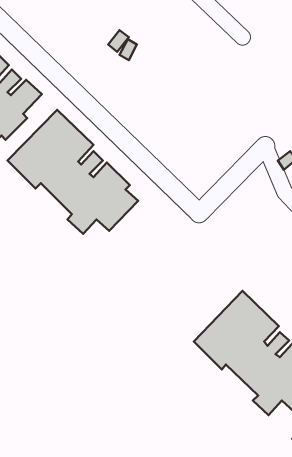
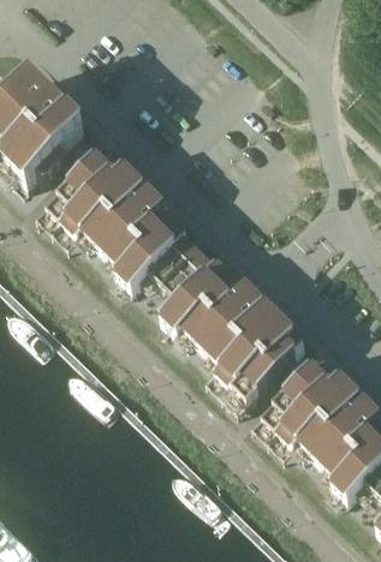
building: none -> [159,246,303,396]

